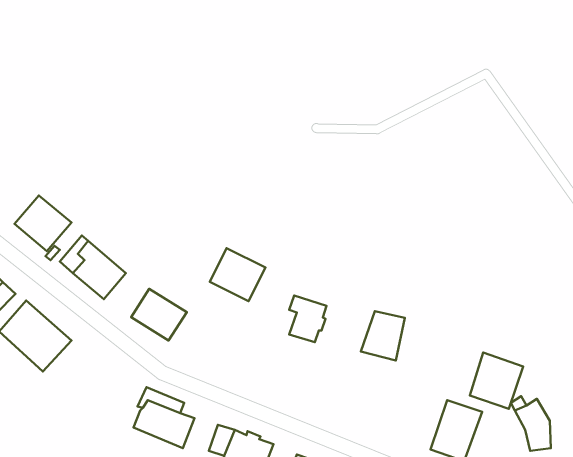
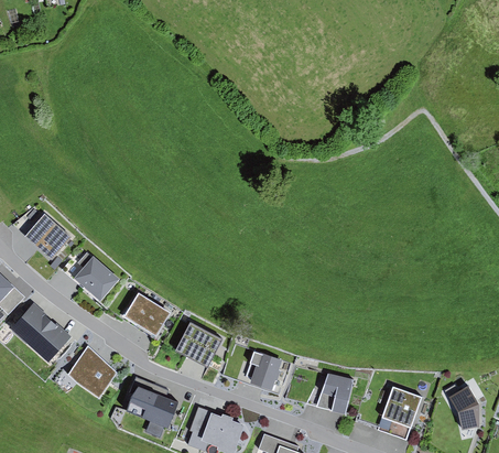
building: [210,248,265,301] -> [174,320,221,365]
building: [289,296,327,342] -> [249,350,281,390]
building: [361,311,405,360] -> [315,373,352,414]
building: none -> [67,344,117,398]
building: [470,352,523,409] -> none

